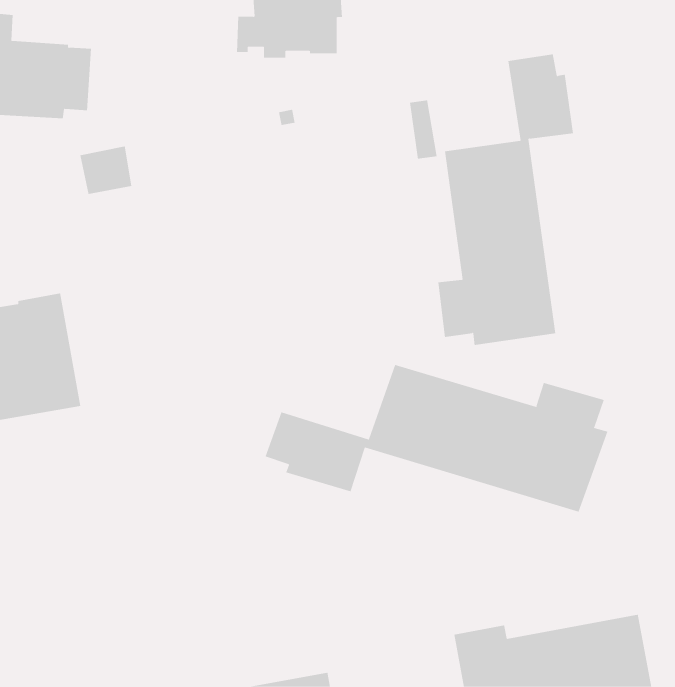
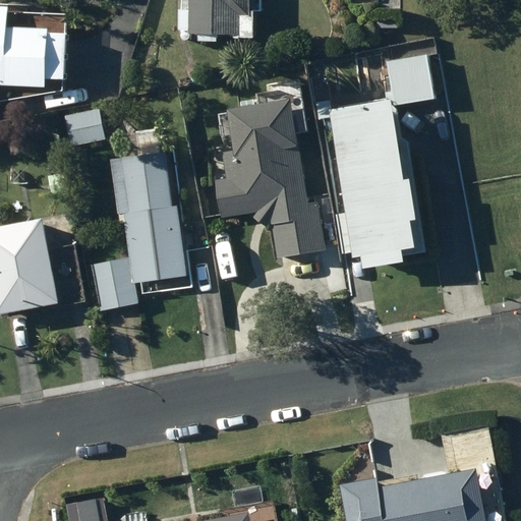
building: none -> [212,93,323,258]
building: none -> [88,155,183,310]
building: [265,364,608,512] -> none

